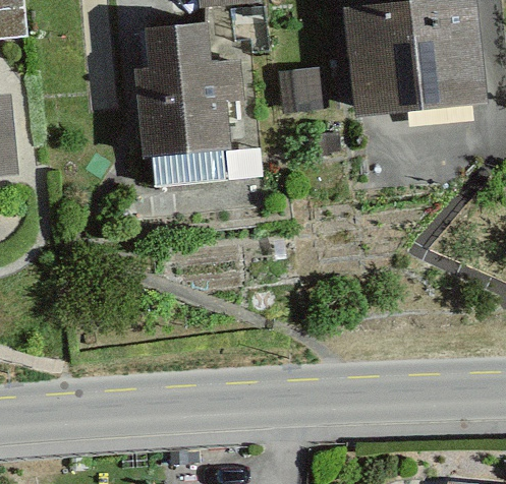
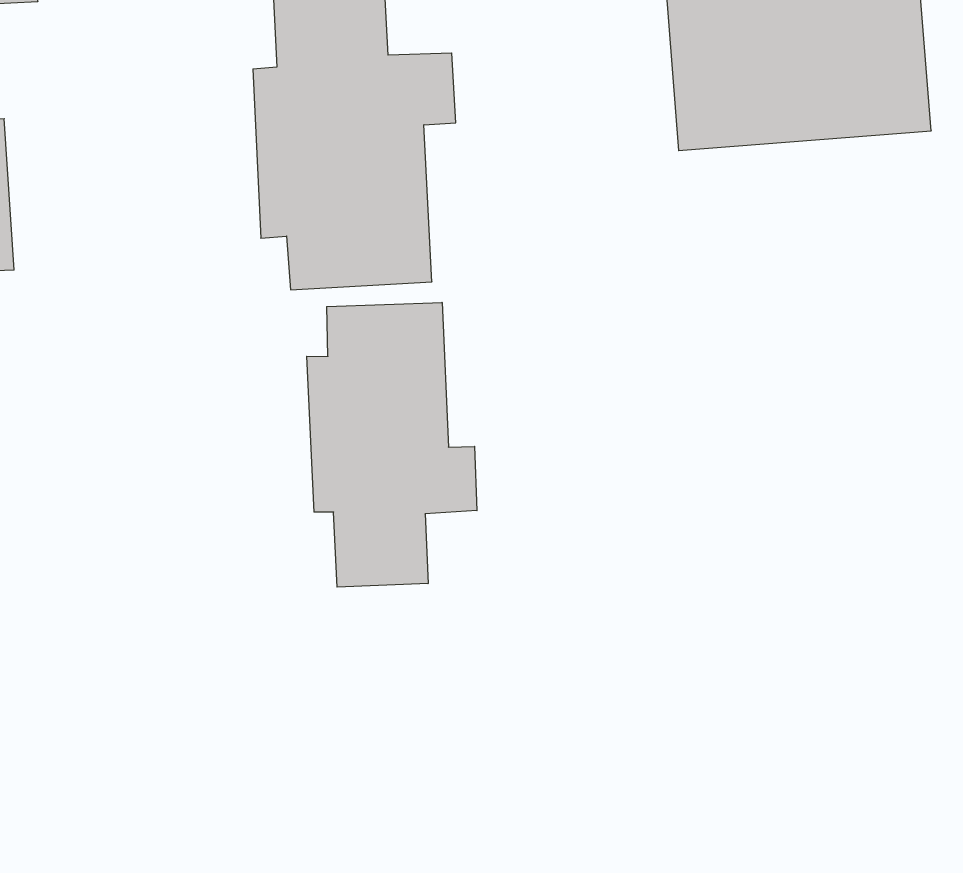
building: none -> [307,302,477,587]

